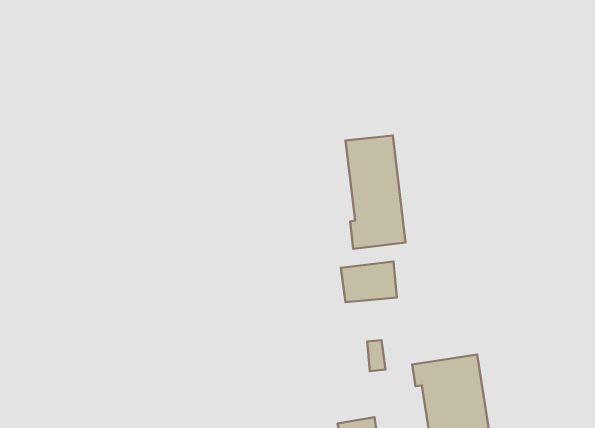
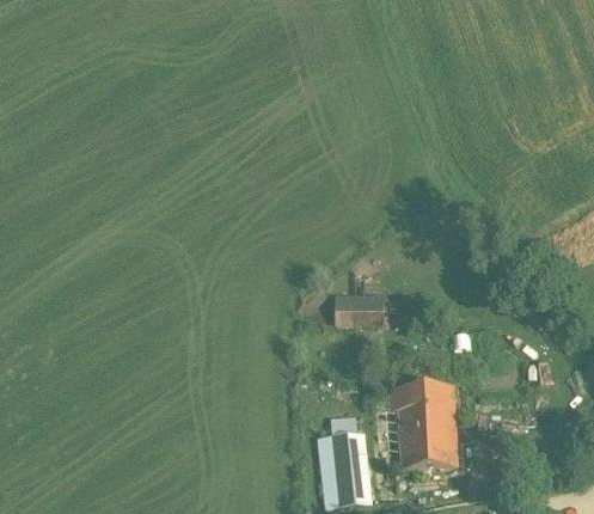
building: [346,135,406,249] -> none

